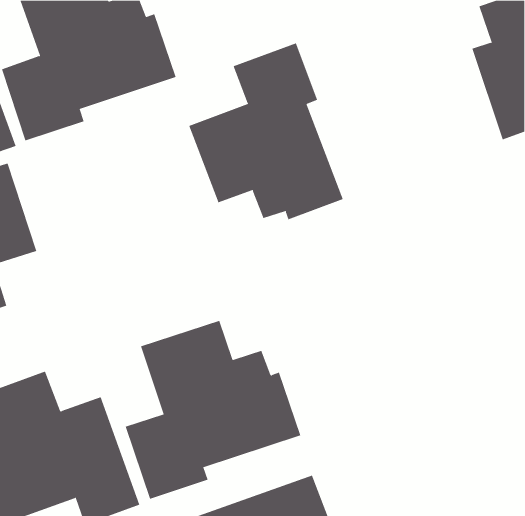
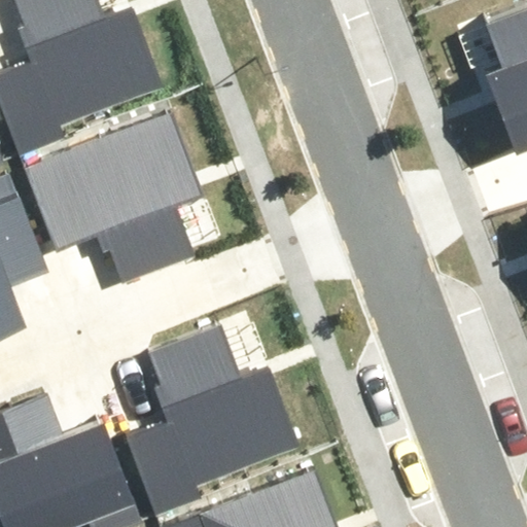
building: [188,42,343,220] -> none
building: none -> [19,116,220,281]

